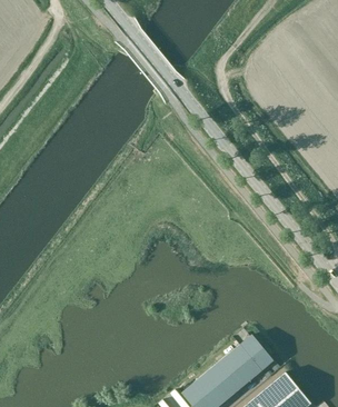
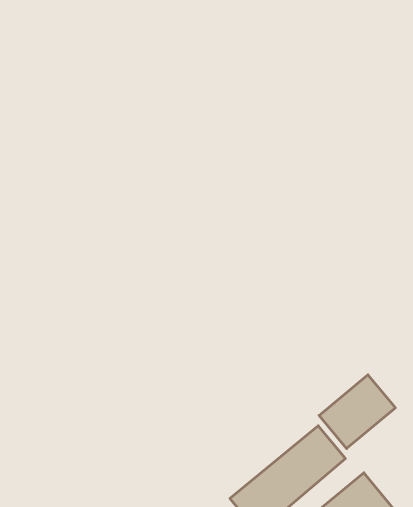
building: none -> [319,375,395,449]

